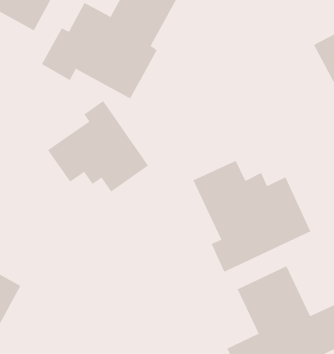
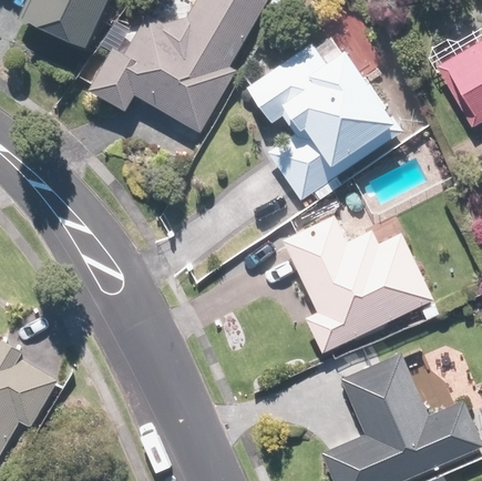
building: none -> [240,40,396,205]
building: [47,100,149,192] -> none

